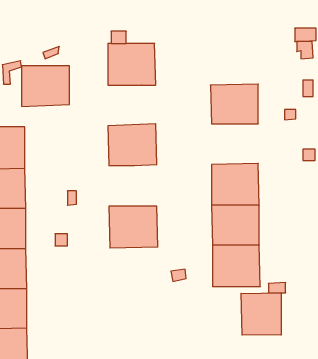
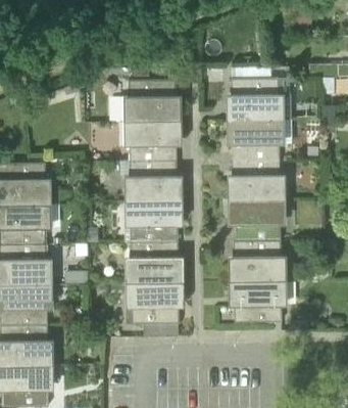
building: none -> [232,78,280,121]
building: [22,66,69,106] -> [129,121,177,162]
building: none -> [233,160,280,200]
building: none -> [130,200,178,242]
building: none -> [131,283,179,324]
building: [241,293,281,335] -> none

